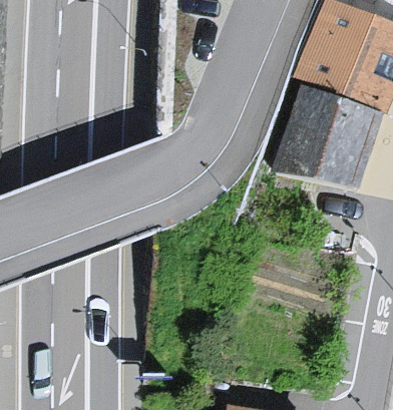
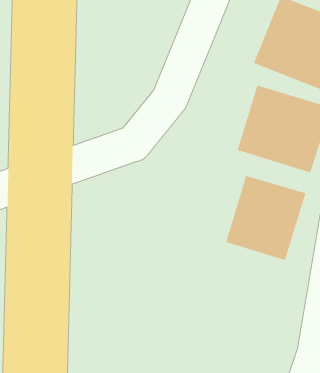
building: none -> [226,175,306,261]

